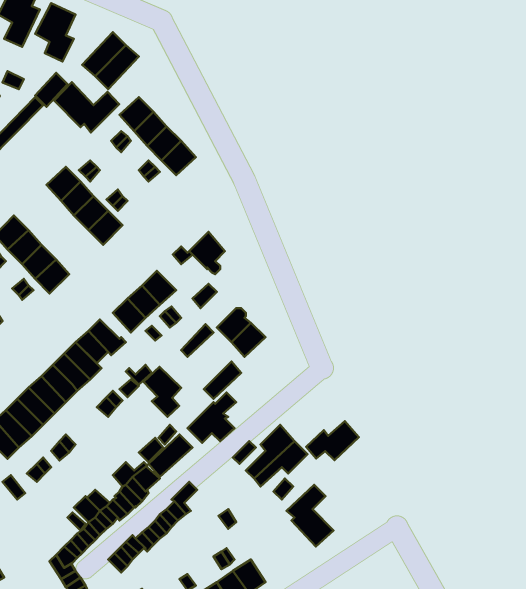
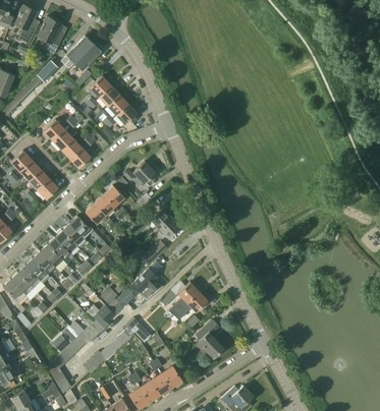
building: [54,82,119,132] -> none
building: [144,367,181,417] -> none
building: [306,421,359,460] -> none

